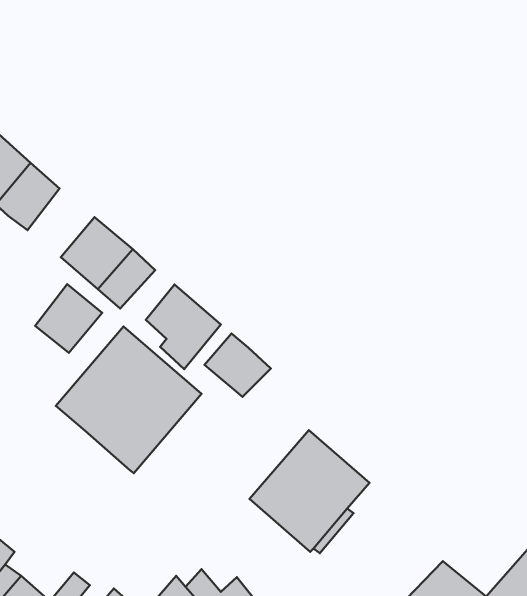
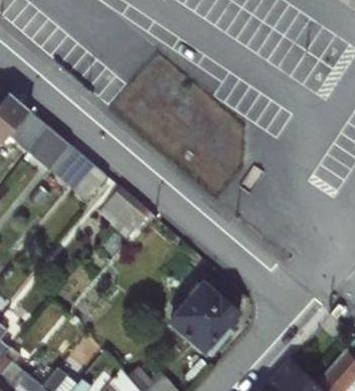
building: [35,284,102,353] -> [27,125,69,168]
building: [56,326,202,473] -> none
building: [204,333,271,397] -> none

